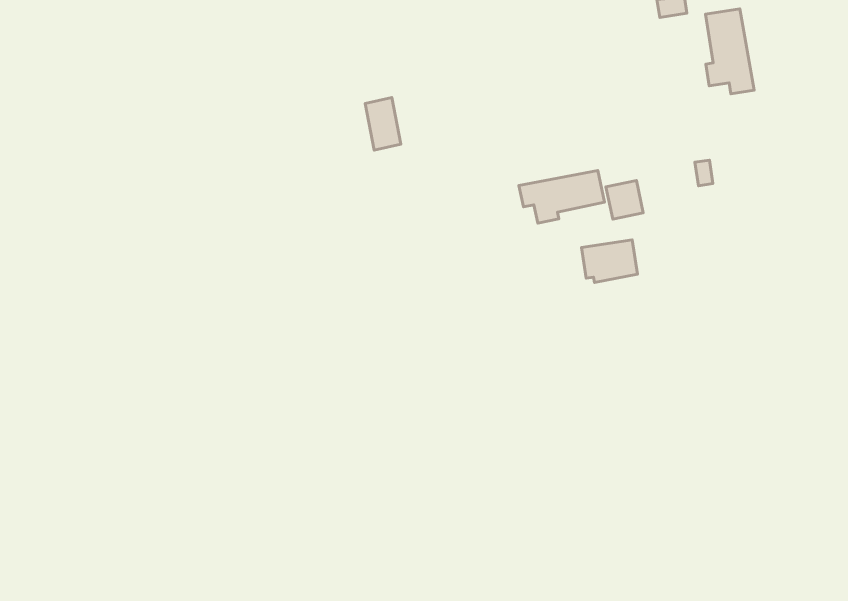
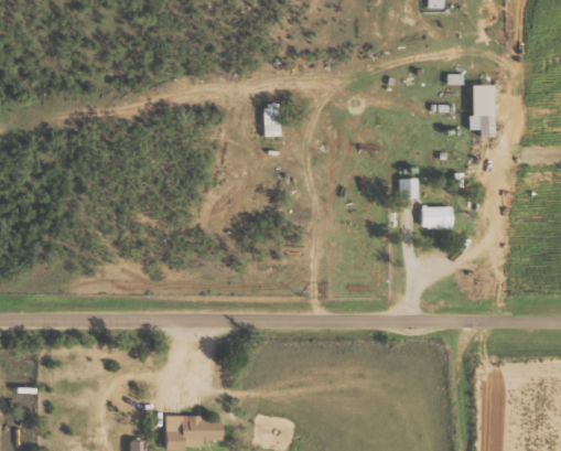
building: [519,170,605,223] -> none
building: [582,240,638,283] -> [421,207,452,229]

